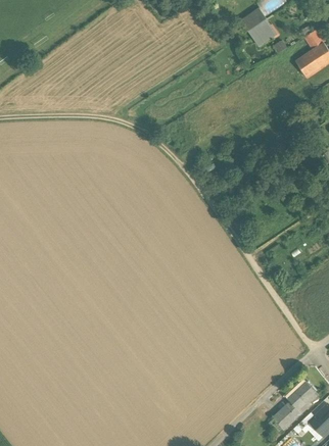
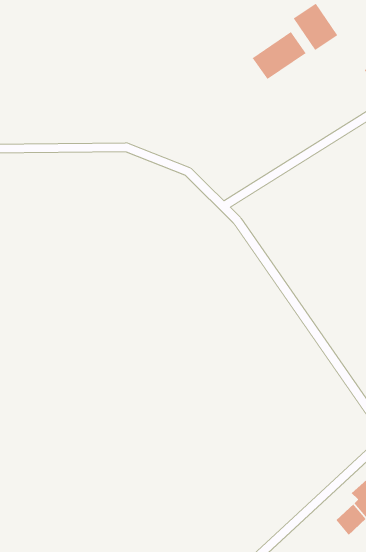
building: none -> [252,31,306,80]

